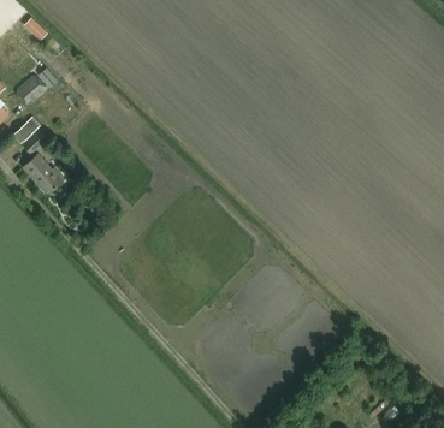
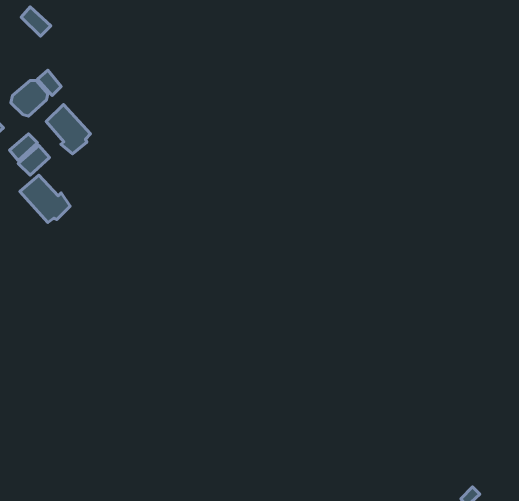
building: none -> [46,105,90,154]

